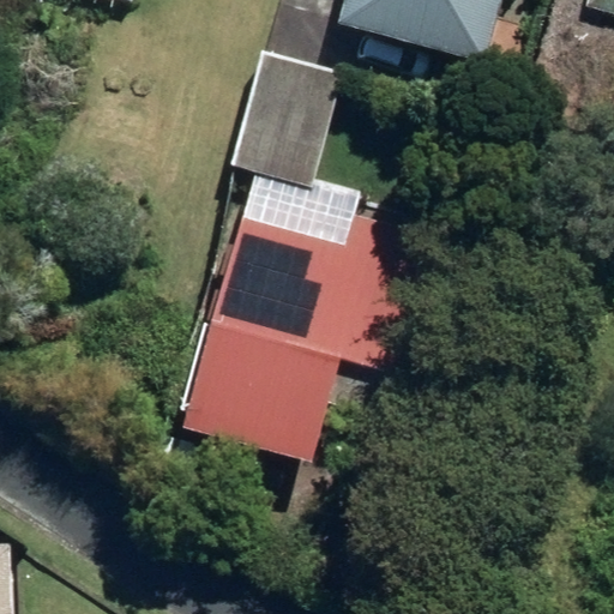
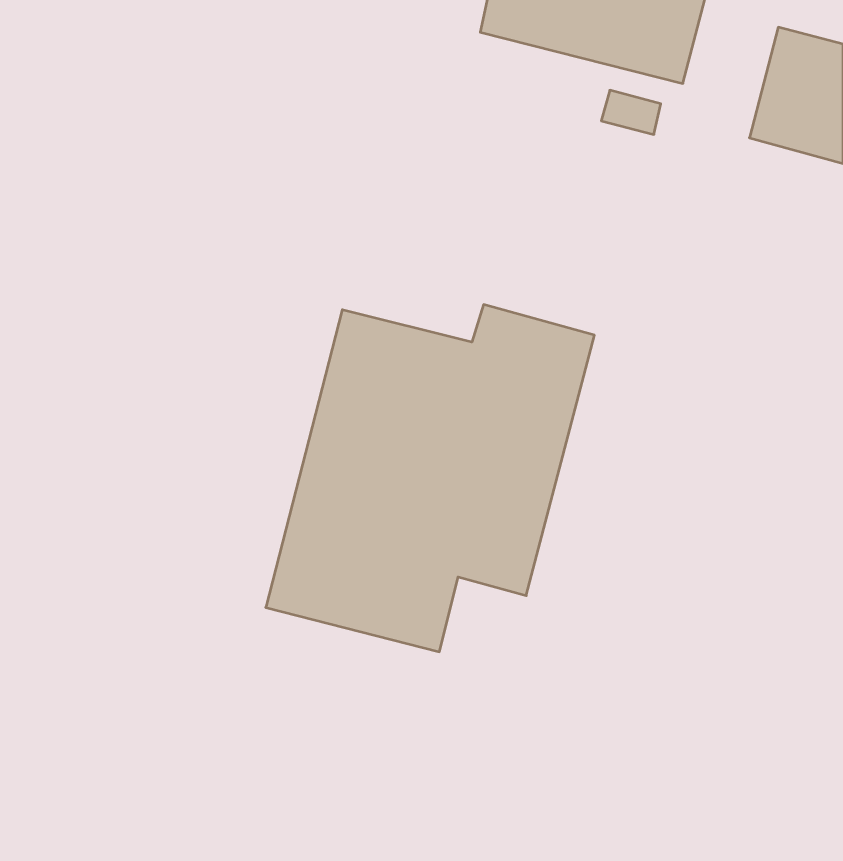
building: [234,55,353,195] -> none

